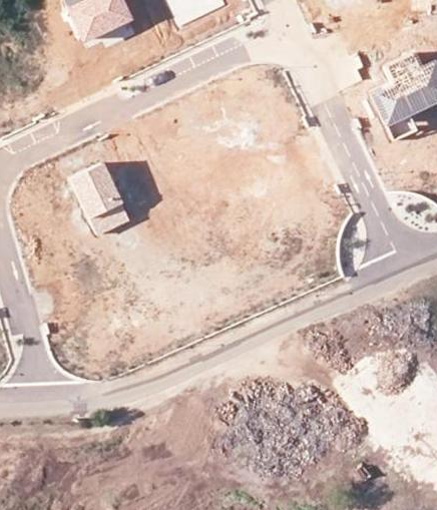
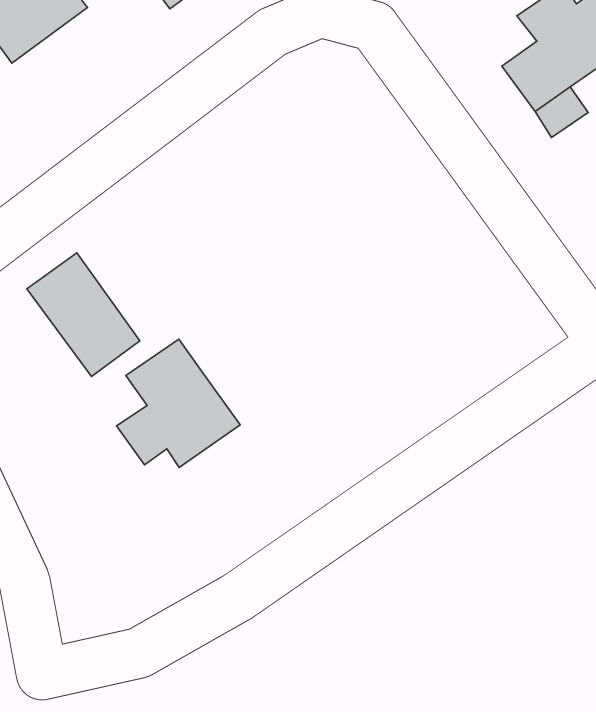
building: none -> [116,339,240,468]

